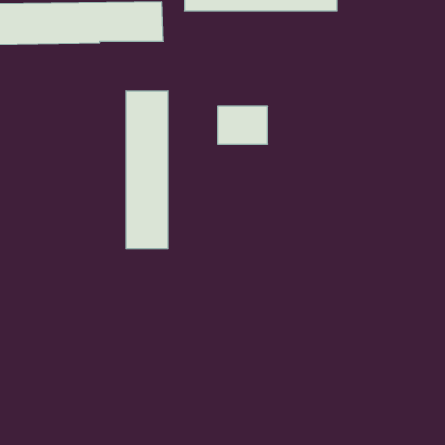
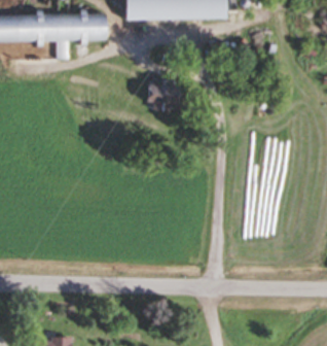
building: [126,91,168,249] -> none

